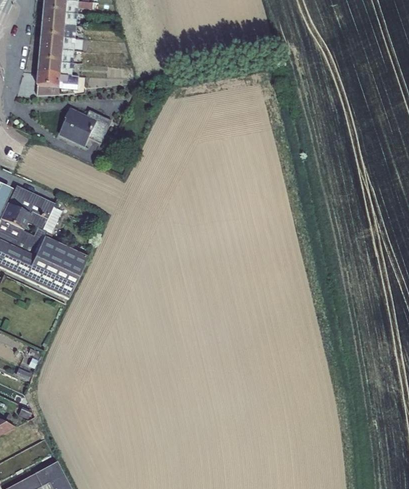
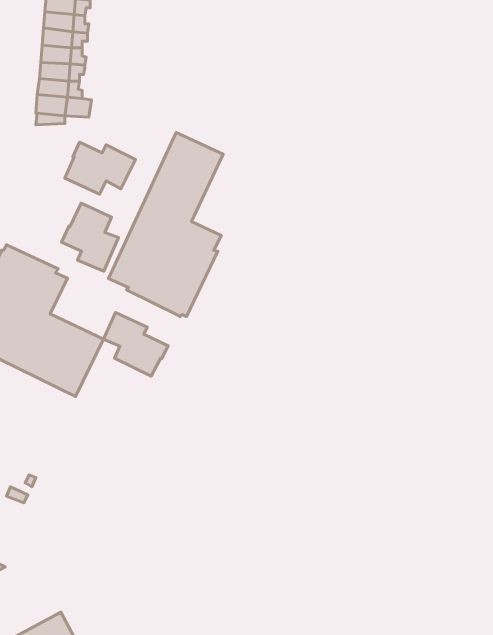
building: none -> [109,132,223,317]
building: none -> [61,203,118,271]
building: none -> [104,313,168,376]

